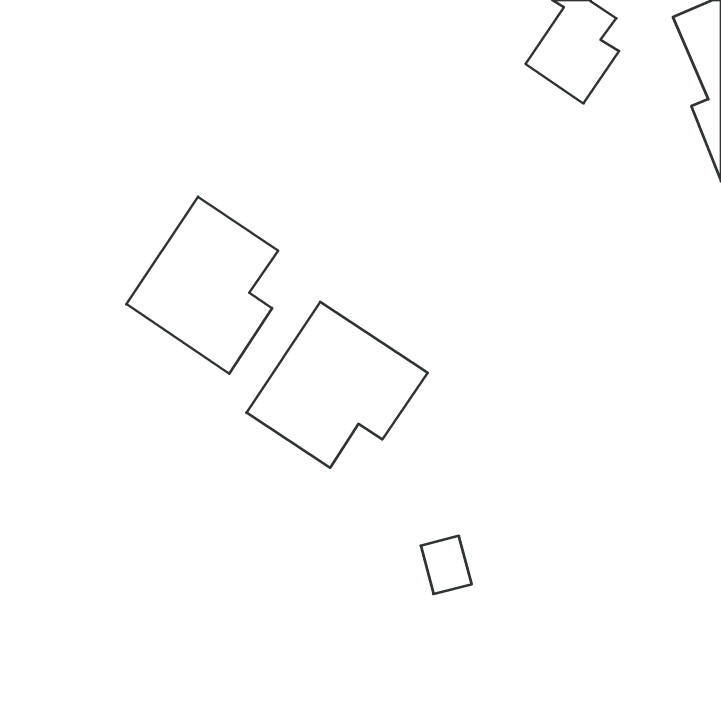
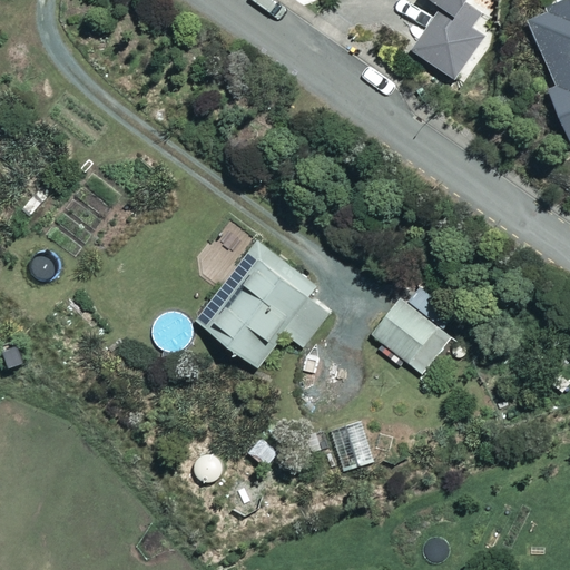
building: [126,197,278,374] -> none
building: none -> [372,295,456,375]

